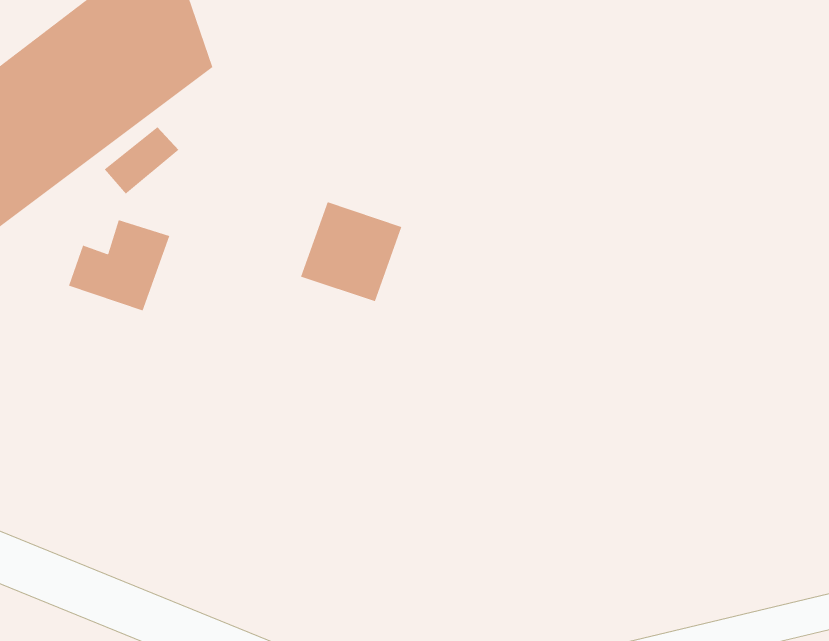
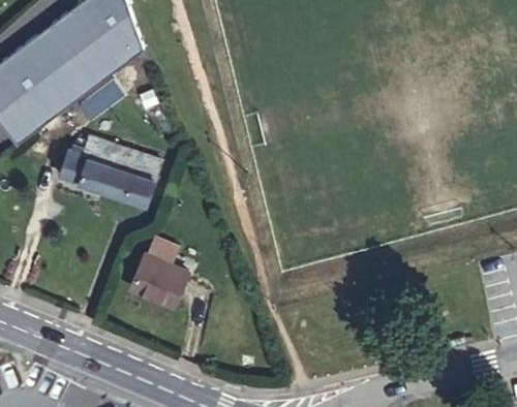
building: [300,202,402,302] -> [103,146,162,204]
building: none -> [130,252,189,305]

